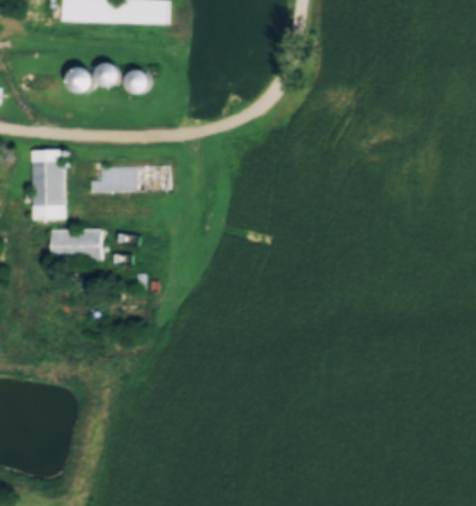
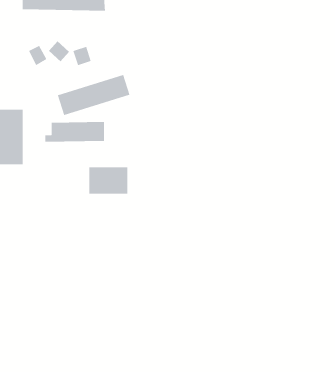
building: none -> [57,74,130,116]
building: [49,230,100,264] -> [89,167,128,194]

